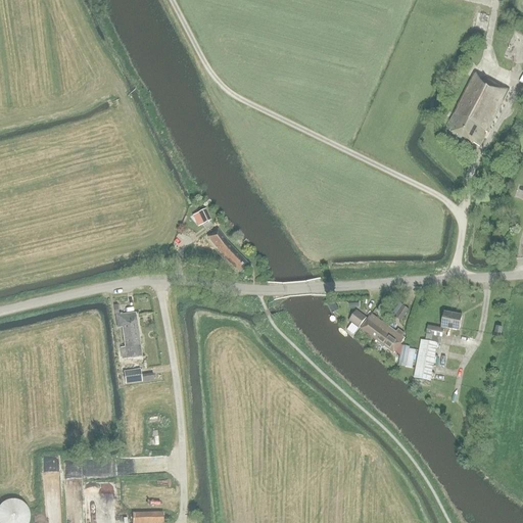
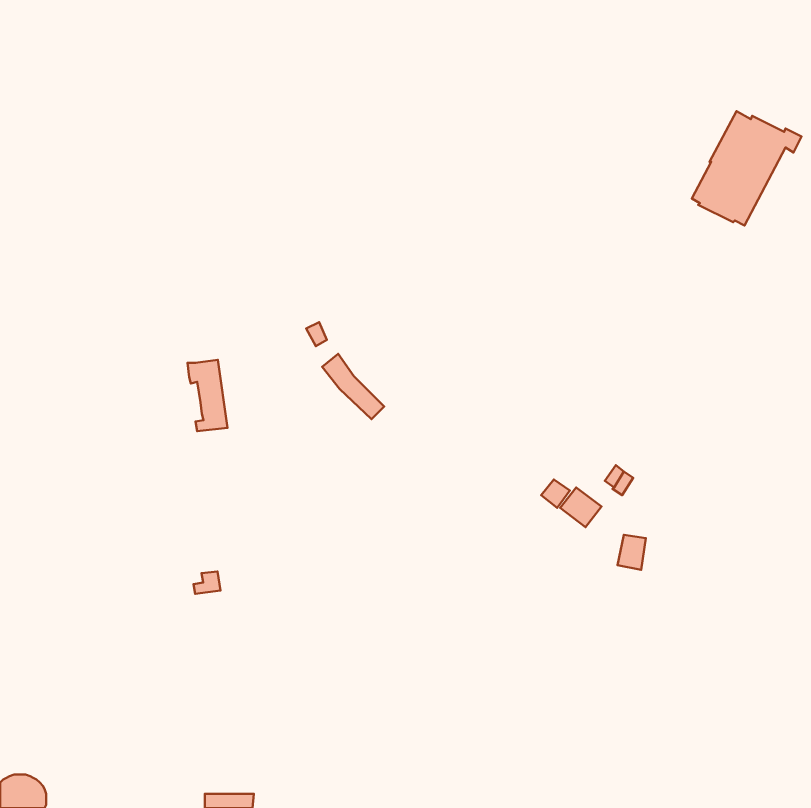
building: [414,311,463,379] -> none
building: [115,312,141,358] -> [188,360,227,431]
building: [377,326,403,354] -> none

